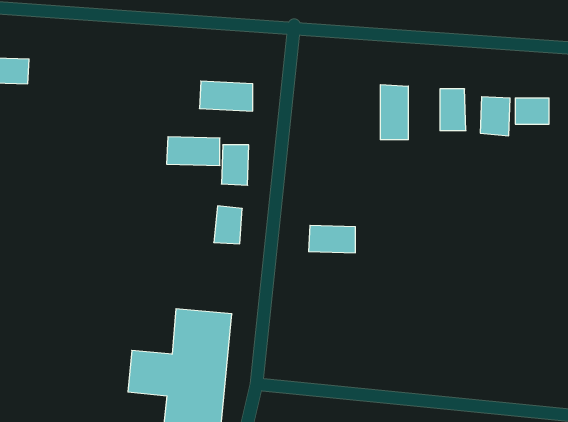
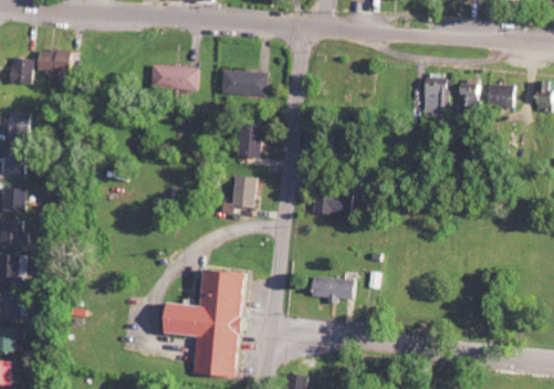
building: [380,85,408,140] -> none
building: [167,137,220,165] -> [149,65,195,90]
building: none -> [311,277,355,301]

